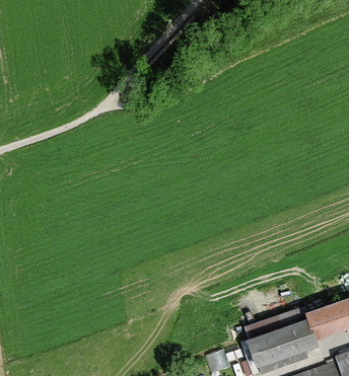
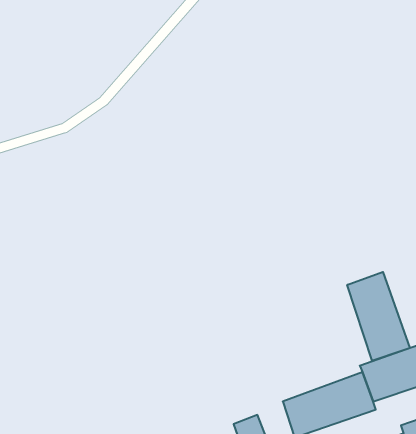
building: none -> [347,272,410,361]

